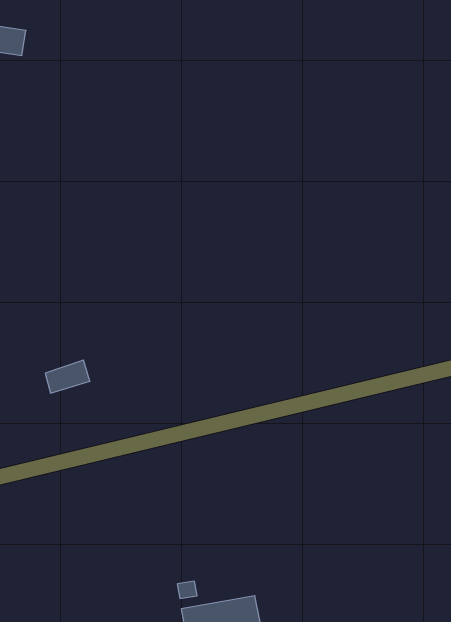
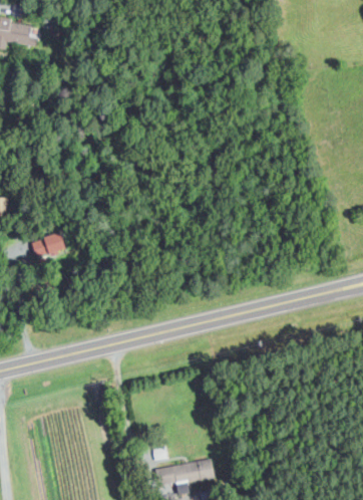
building: [45,360,90,393] -> [31,233,65,258]

